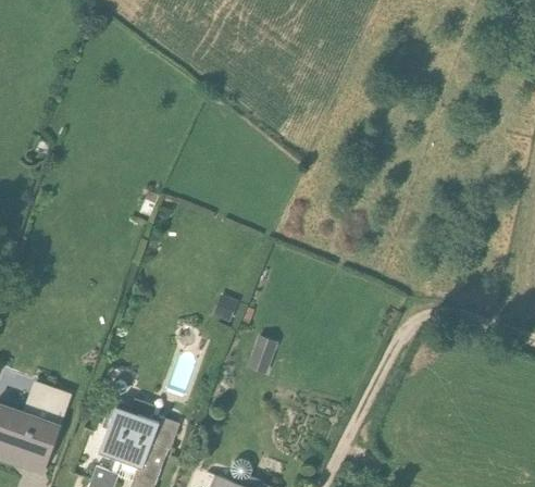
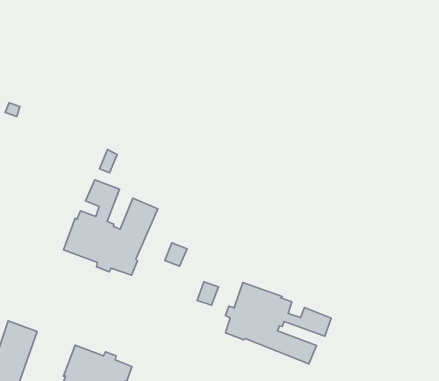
building: none -> [63,180,158,275]
building: none -> [226,282,331,364]

